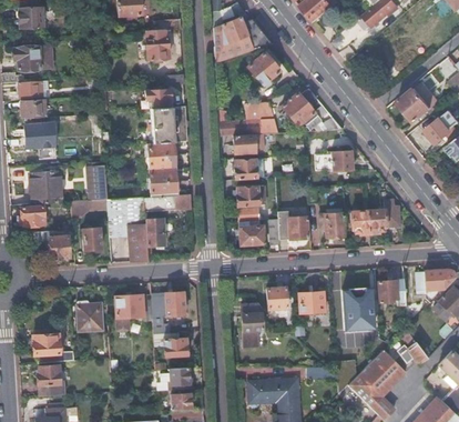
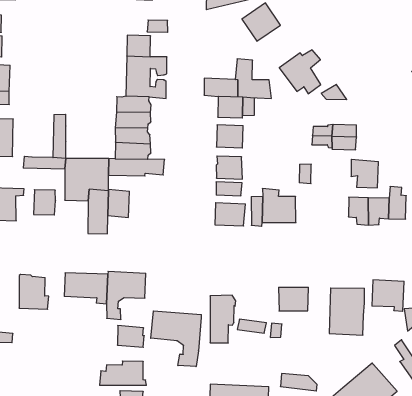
building: [318,213,343,237] -> [351,159,378,188]
building: [266,288,293,310] -> none
building: none -> [151,311,201,367]

